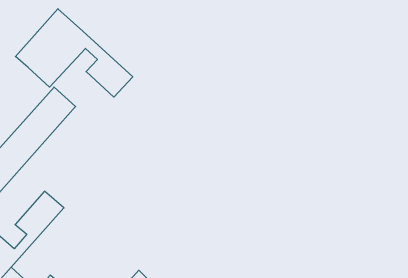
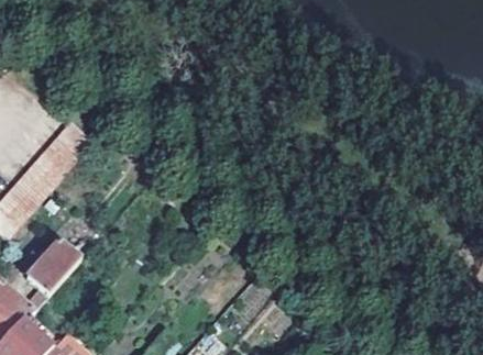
building: [15,9,133,97] -> none

